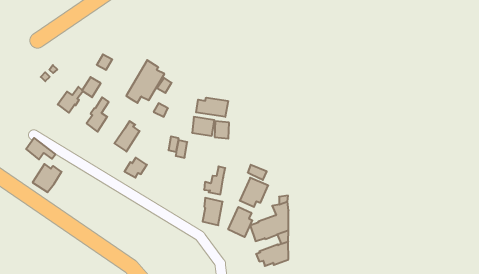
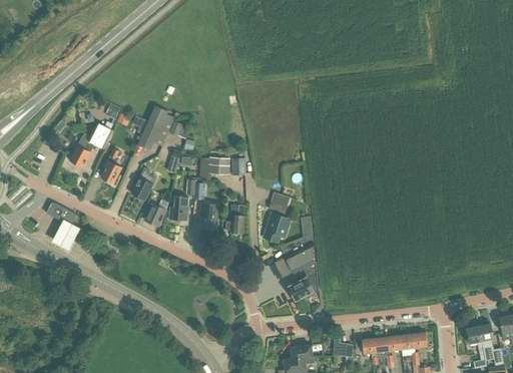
building: [196,98,228,117] -> none
building: none -> [167,196,187,220]
building: [203,198,223,225] -> [199,203,217,229]
building: [228,207,252,237] -> none

